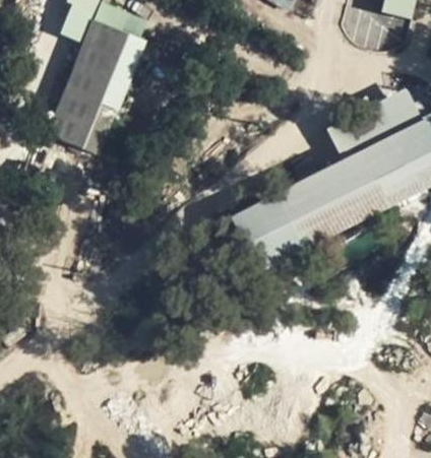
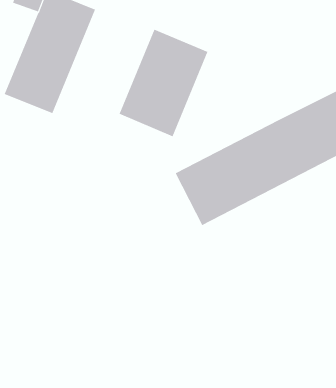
building: none -> [119,29,208,137]

